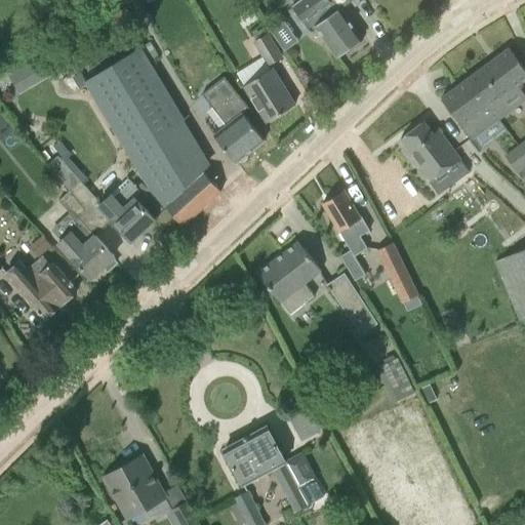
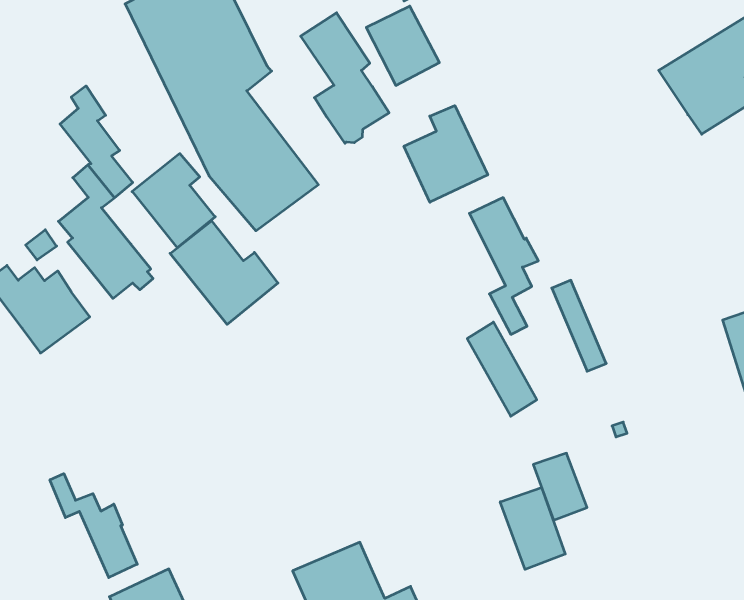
building: [400,121,469,193] -> none
building: none -> [404,106,488,202]
building: none -> [170,221,278,324]
building: [257,241,320,313] -> none
building: none -> [500,487,565,569]
building: none -> [50,474,137,578]

